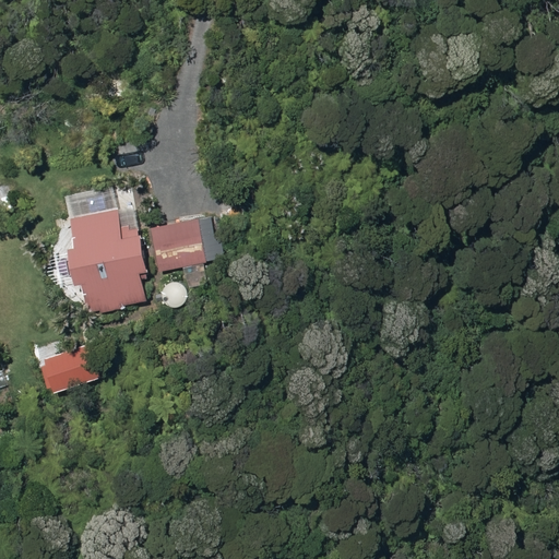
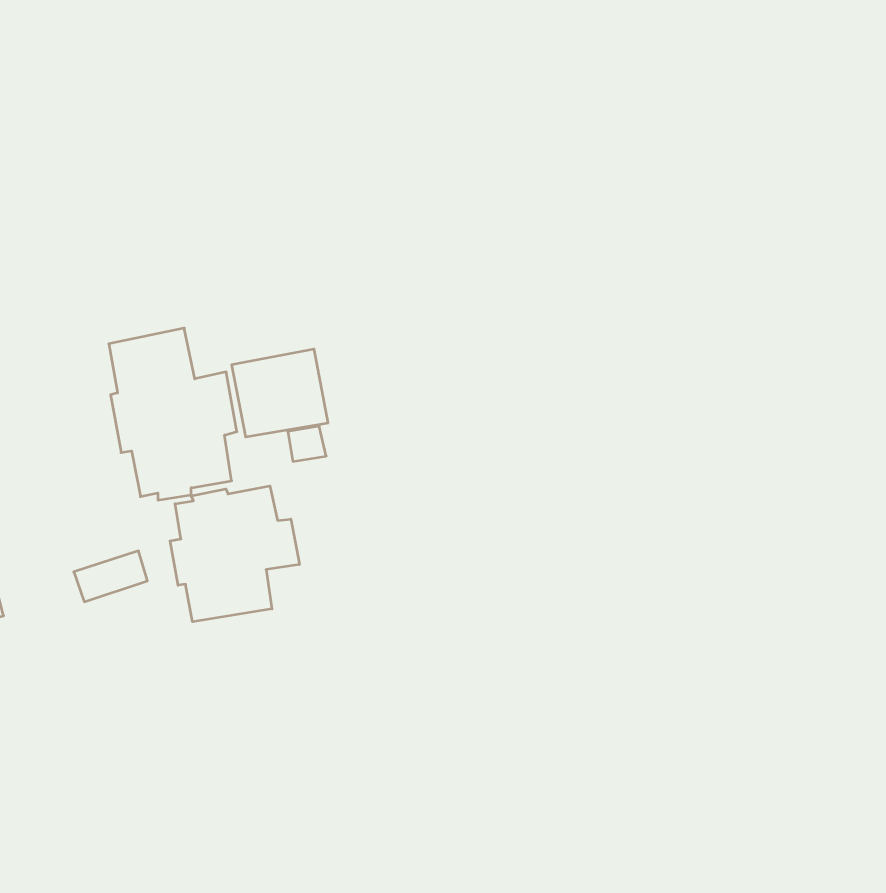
building: none -> [170,486,299,622]

